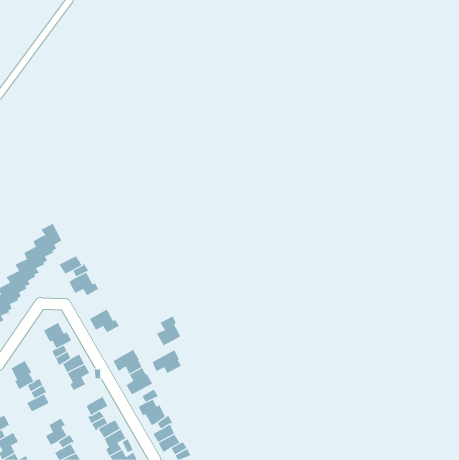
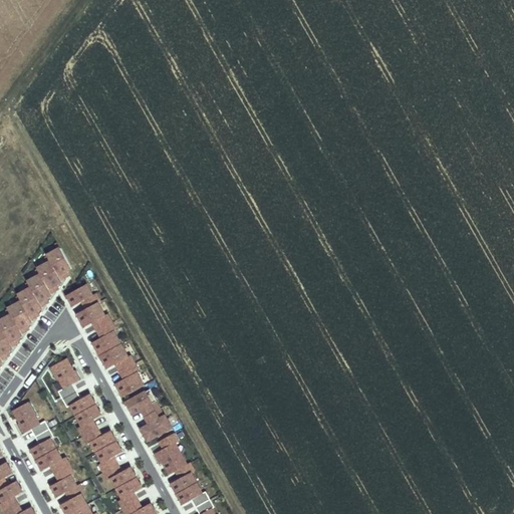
building: none -> [91,322,119,355]
building: [156,316,181,346] -> [114,363,143,398]
building: [152,350,181,374] -> none
building: none -> [81,429,114,453]
building: none -> [35,450,68,474]

